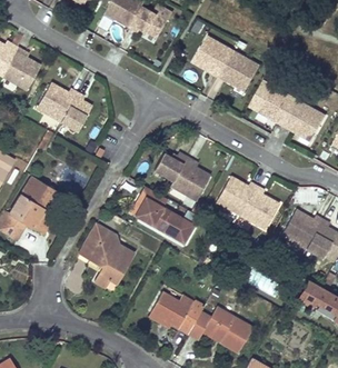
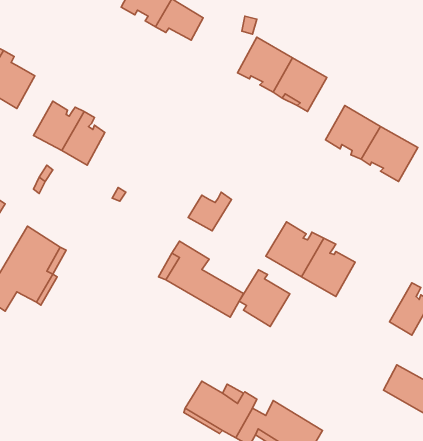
building: [171,156,209,198] -> [239,270,290,327]
building: [279,208,320,247] -> none
building: [79,223,136,289] -> none

